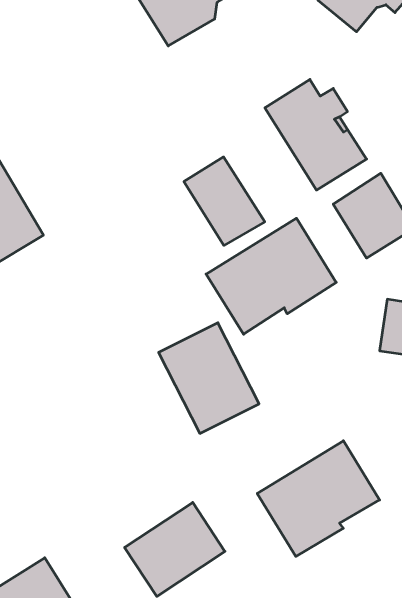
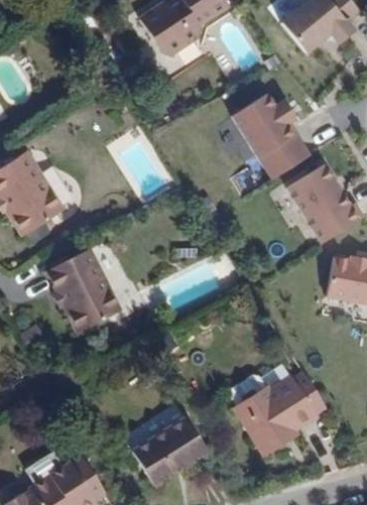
building: [184,157,265,245] -> none
building: [206,218,336,334] -> none
building: [159,323,259,433] -> [45,246,124,333]

